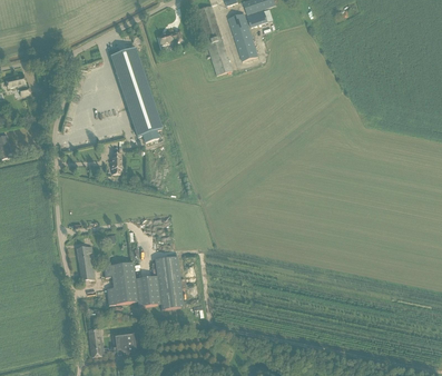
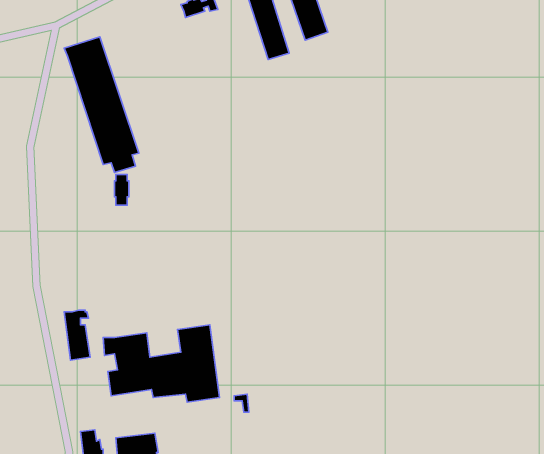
building: [109,48,160,141] -> [64,37,139,173]

